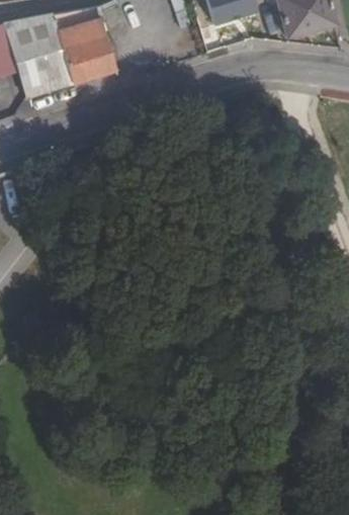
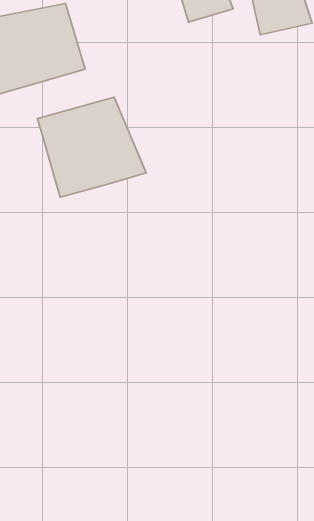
building: none -> [38,97,146,197]

